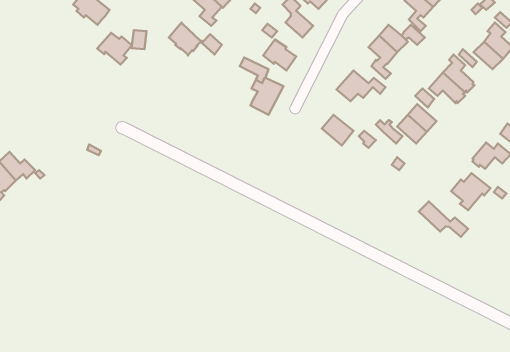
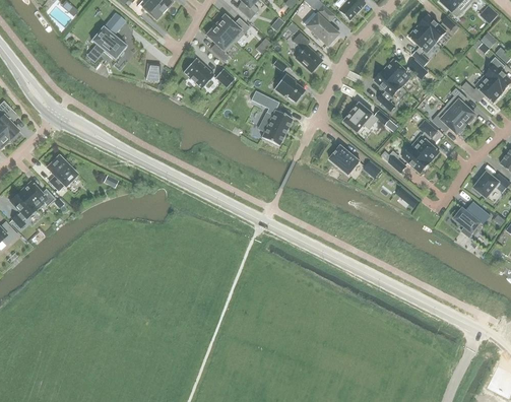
building: [97,33,132,65] -> none
building: none -> [47,155,77,190]
building: [419,201,468,237] -> none

